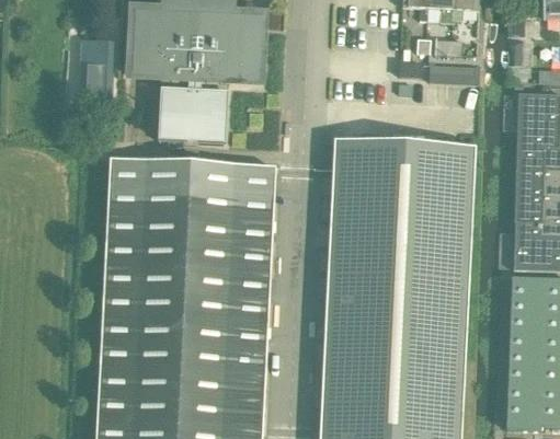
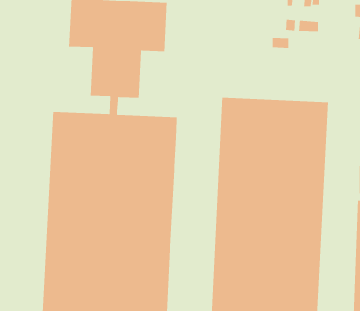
building: [80,37,116,95] -> none

